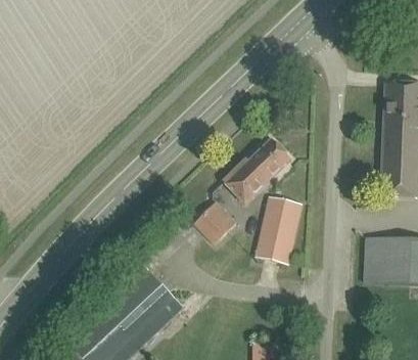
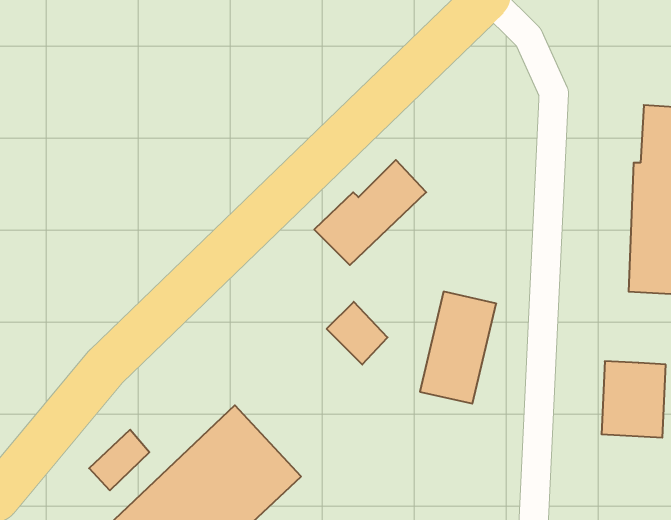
building: [222,139,289,202] -> [314,160,426,265]
building: none -> [89,430,149,490]

